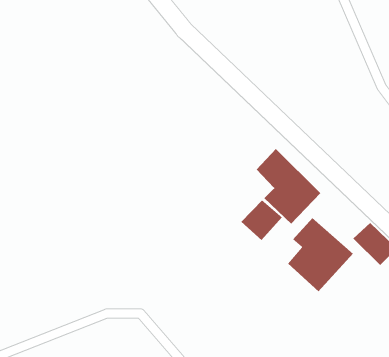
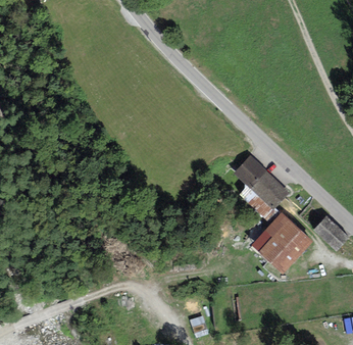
building: [240,199,283,241] -> none

